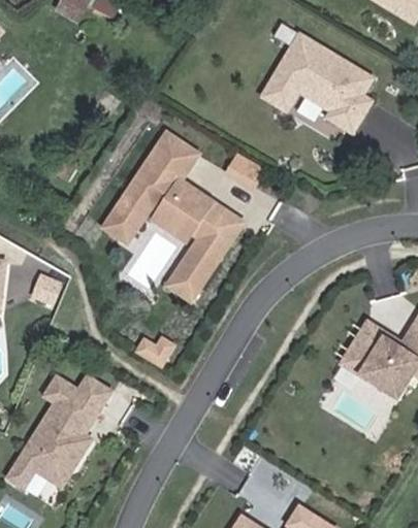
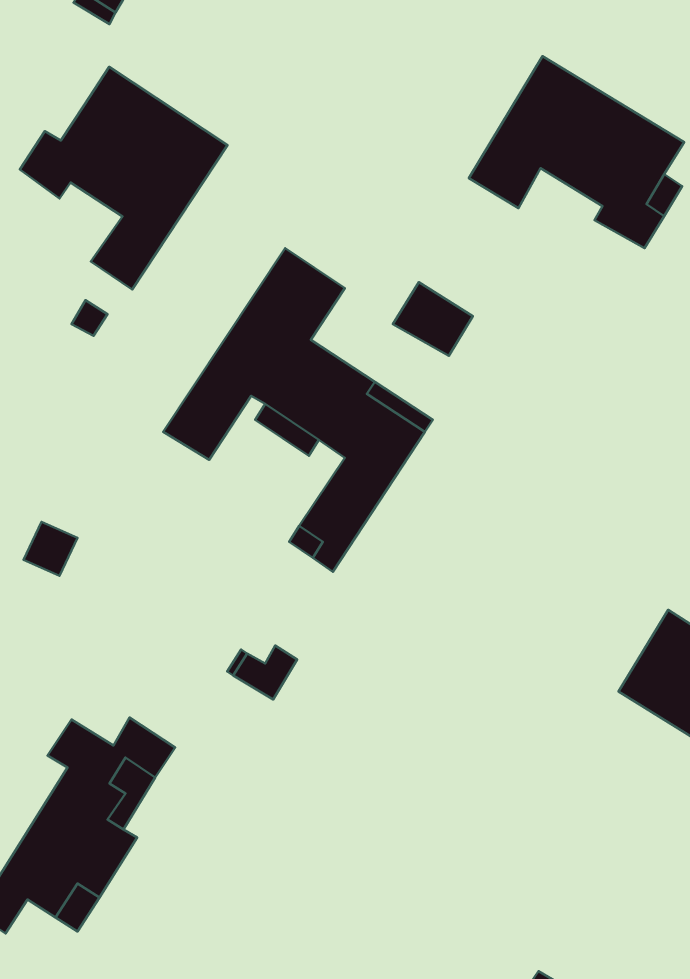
building: none -> [20,67,227,289]

